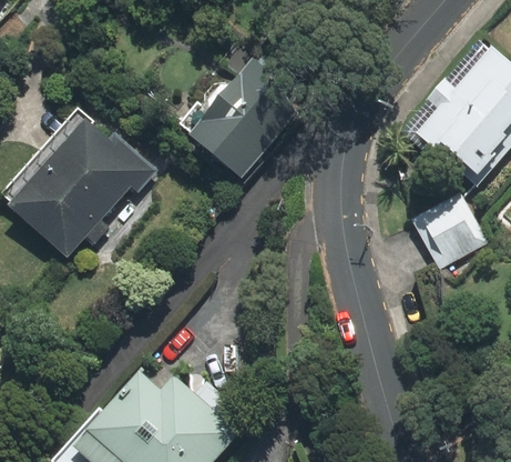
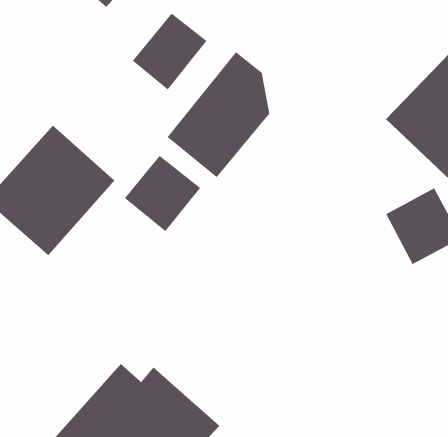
building: none -> [132,13,208,90]
building: none -> [124,155,201,232]

